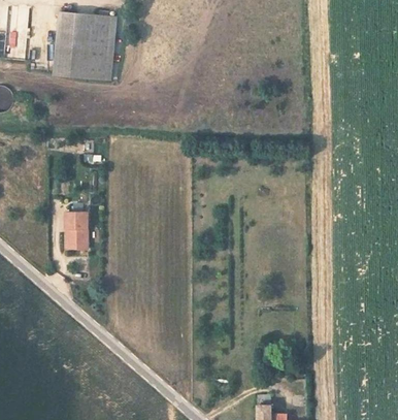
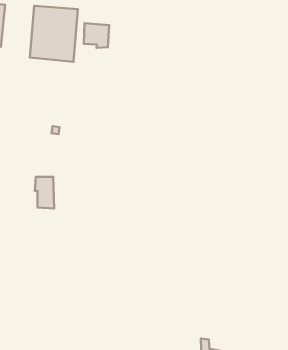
building: none -> [84,23,109,48]

